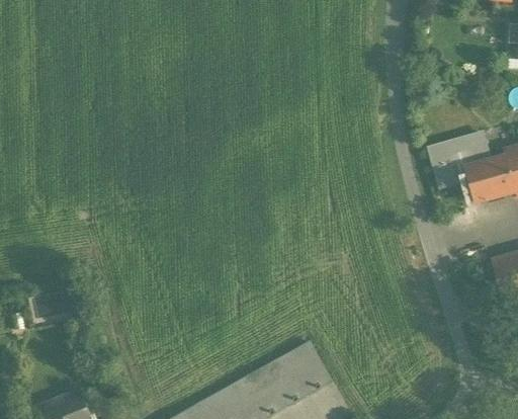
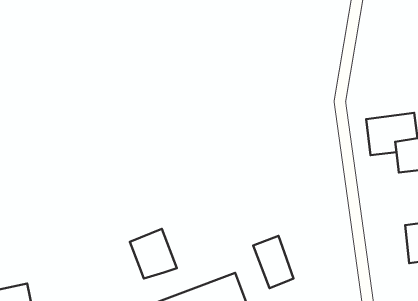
building: none -> [253,236,293,288]
building: none -> [130,229,177,279]

